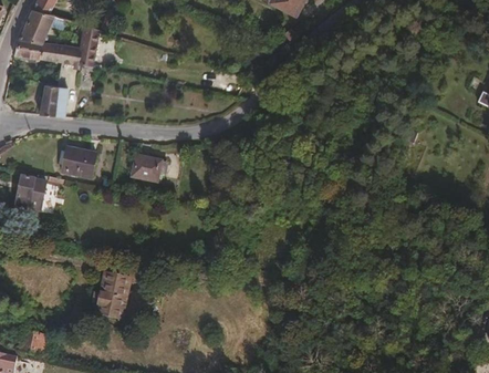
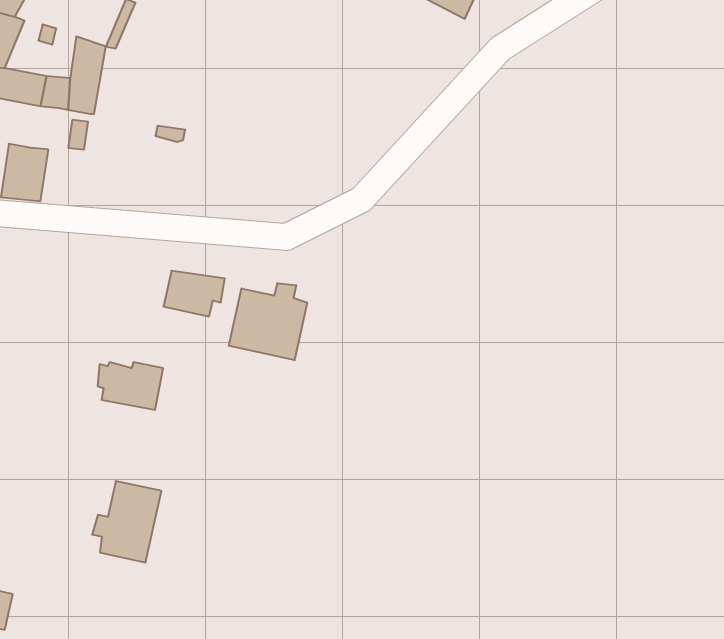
building: [60,149,96,176] -> [98,362,163,410]
building: none -> [229,283,307,360]

